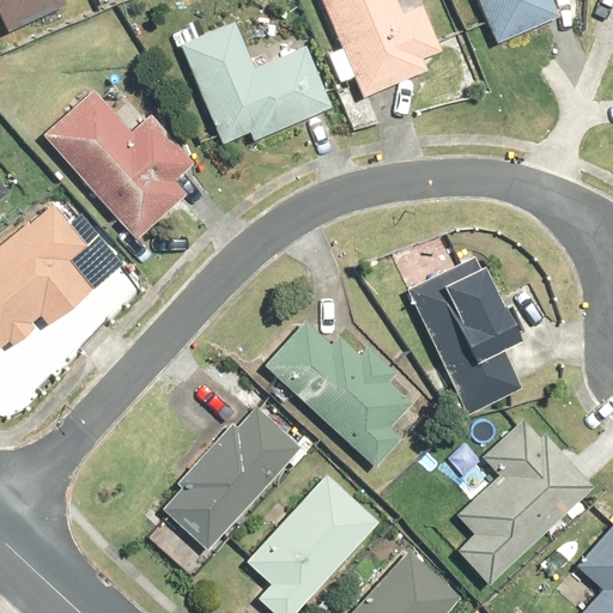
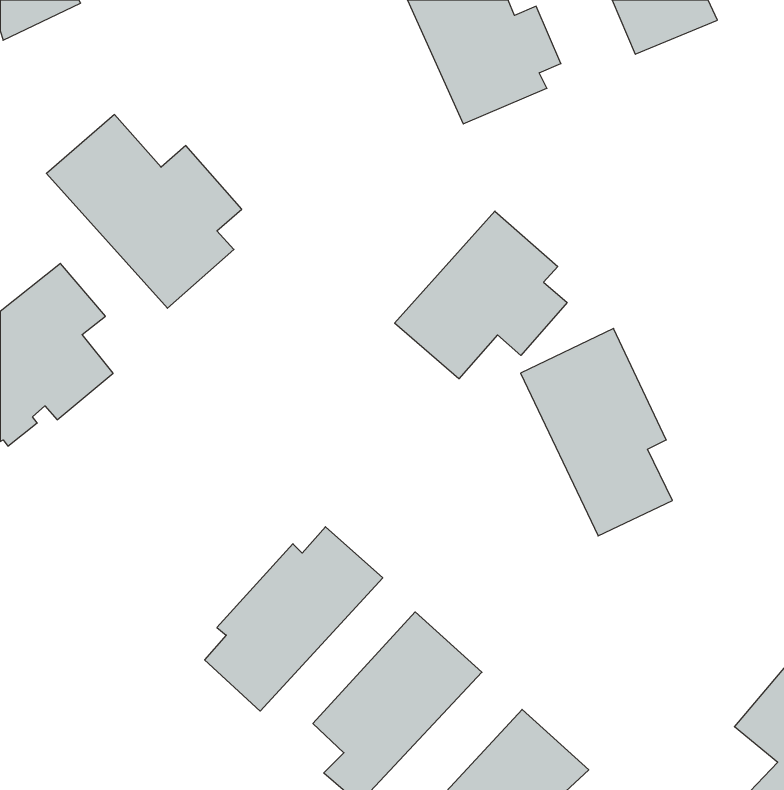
building: [180,20,333,144] -> none
building: none -> [395,211,567,379]
building: [263,318,414,467] -> none
building: [455,418,595,585] -> none

